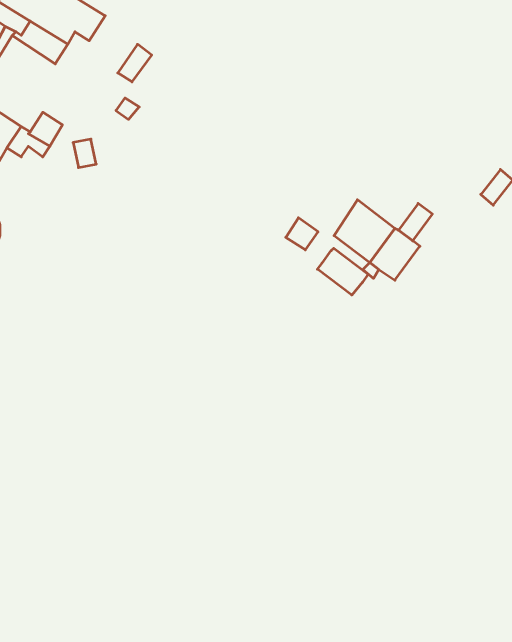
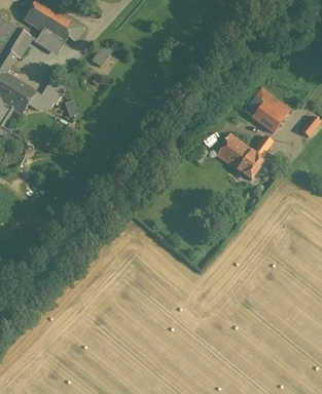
building: none -> [245,88,289,132]
building: [317,248,368,295] -> none

